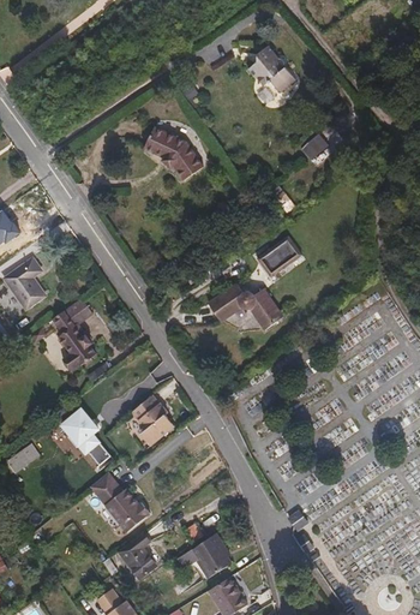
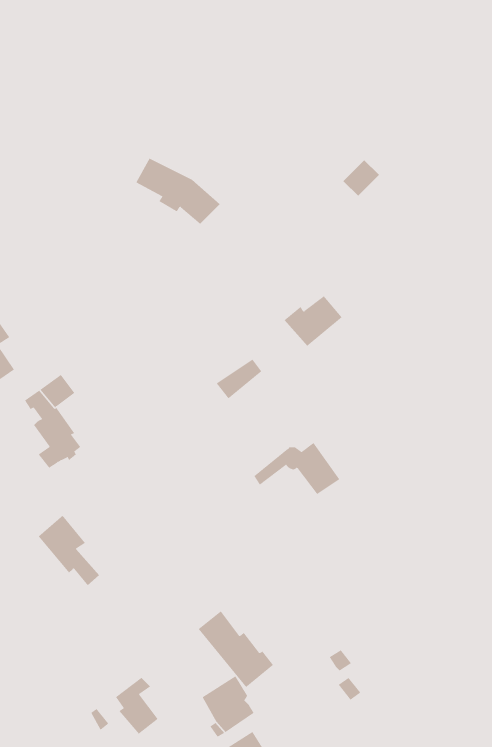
building: [247,43,298,91] -> none
building: [210,292,277,333] -> [253,442,340,495]
building: [131,396,173,446] -> none
building: [90,472,149,532] -> [198,611,274,688]

